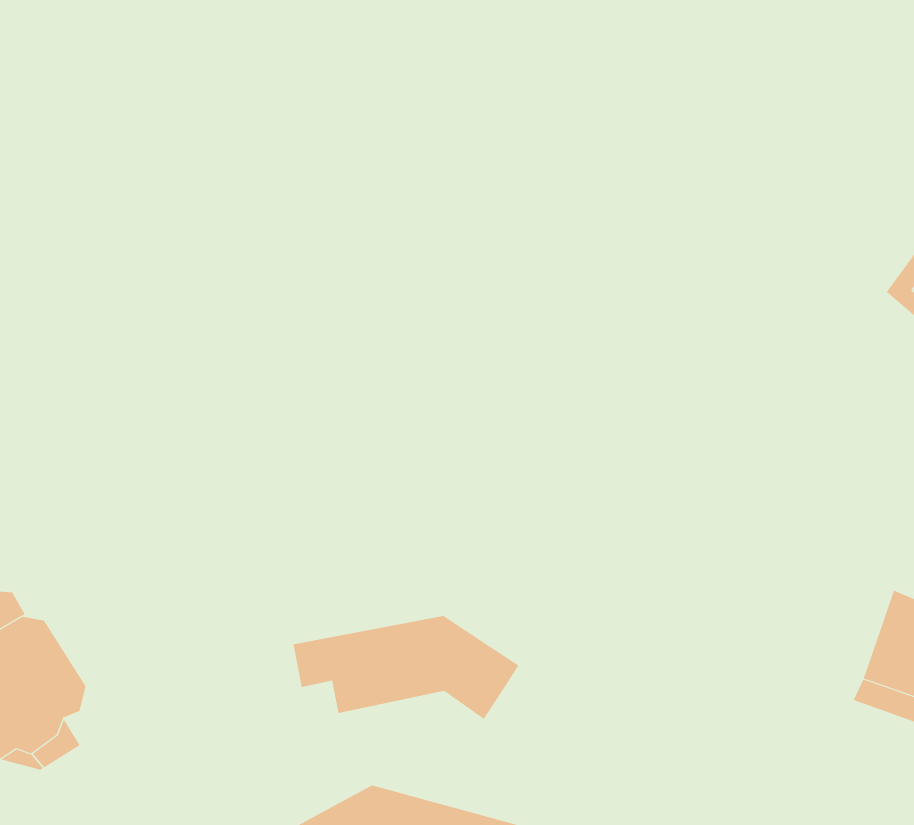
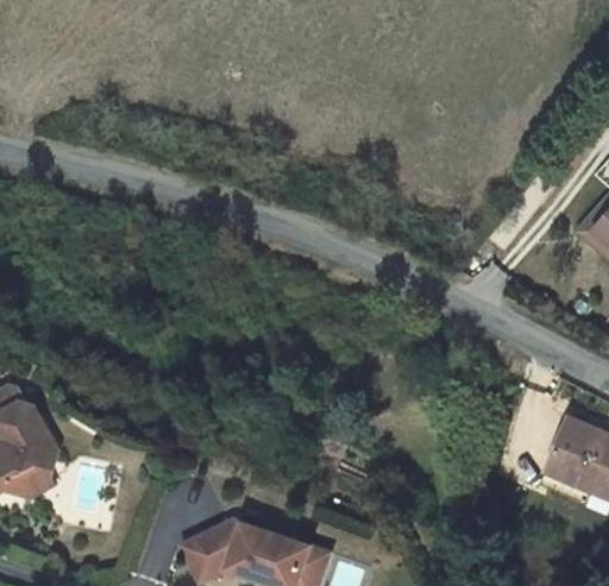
building: [293,615,519,720] -> none

